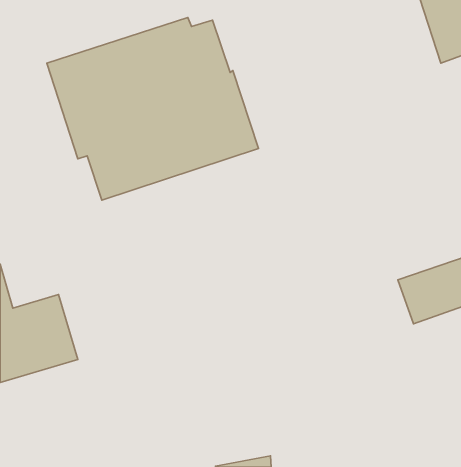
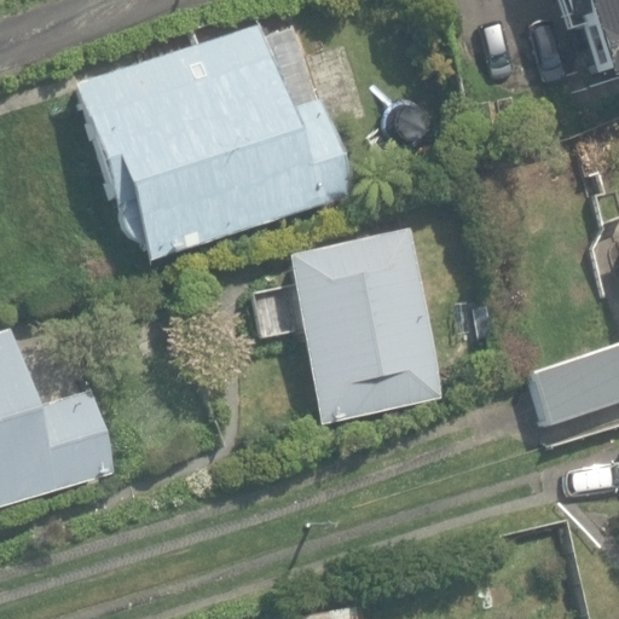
building: none -> [280,219,449,427]

